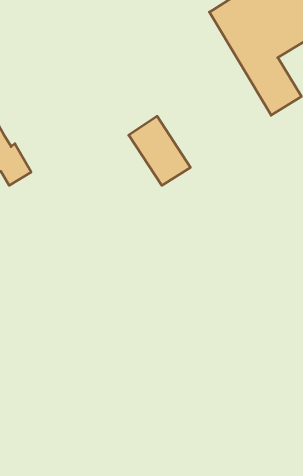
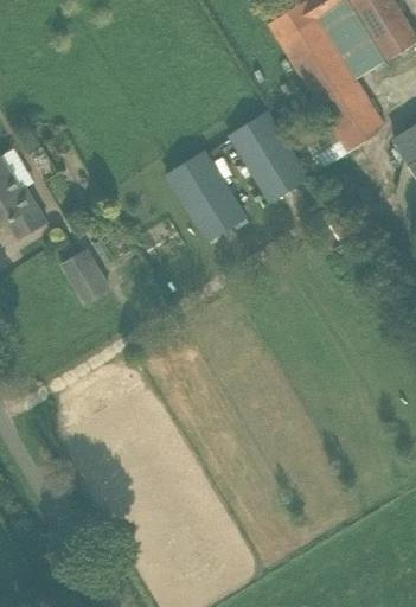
building: none -> [230,111,307,198]
building: none -> [60,245,110,302]

